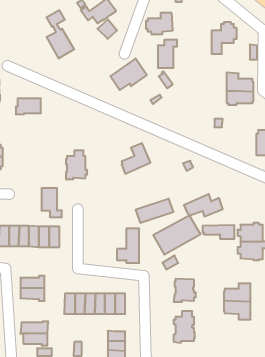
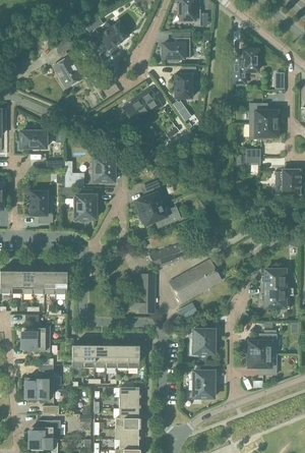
building: none -> [92,156,115,181]
building: [41,188,62,217] -> [29,190,52,222]
building: [184,194,223,216] -> [138,202,181,226]
building: [203,225,234,239] -> none

